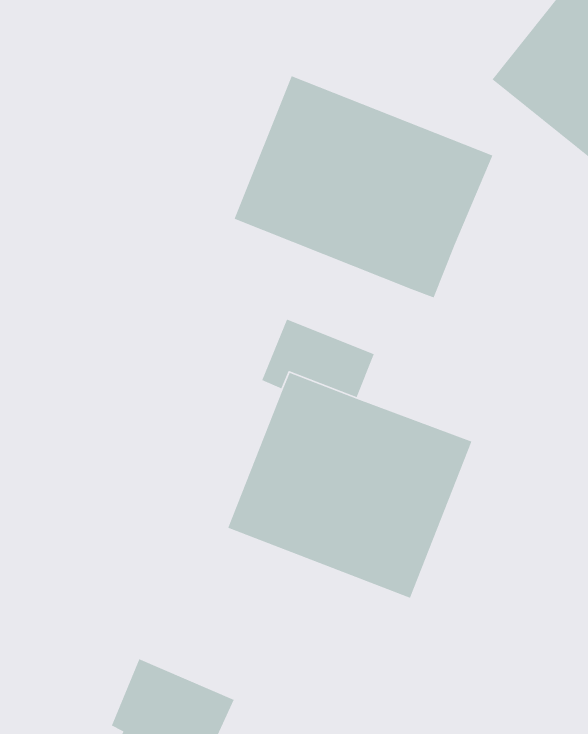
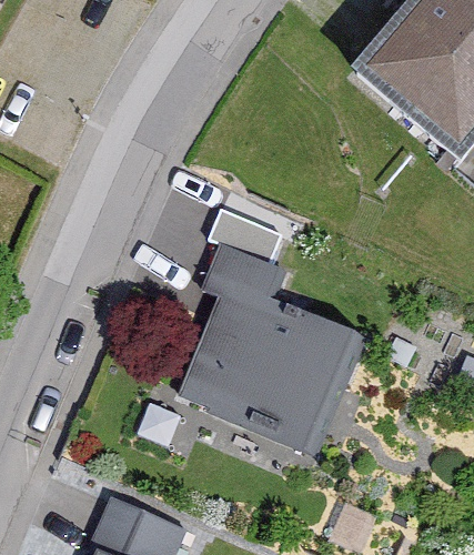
building: [233,75,493,299] -> none

